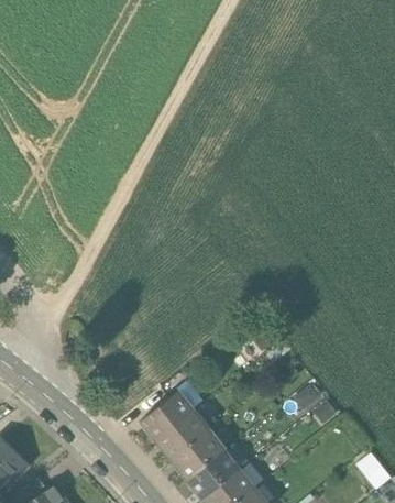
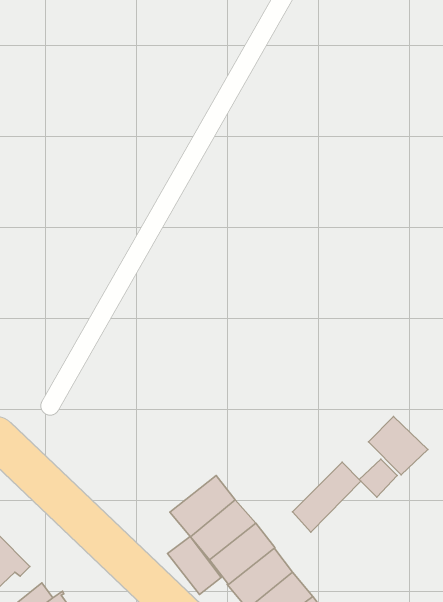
building: none -> [368,417,428,475]
building: none -> [292,462,361,532]
building: none -> [168,537,221,595]

